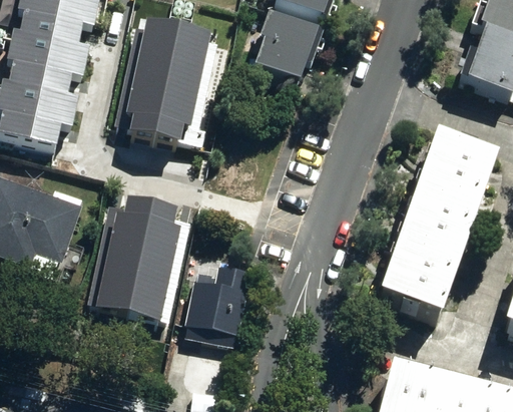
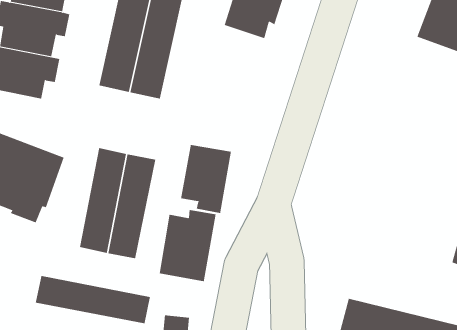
building: [381,130,500,313] -> none
building: none -> [181,144,232,214]
building: none -> [35,275,151,324]

